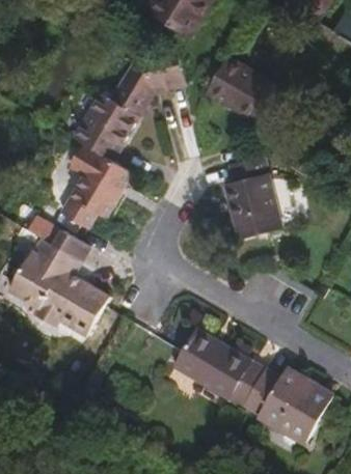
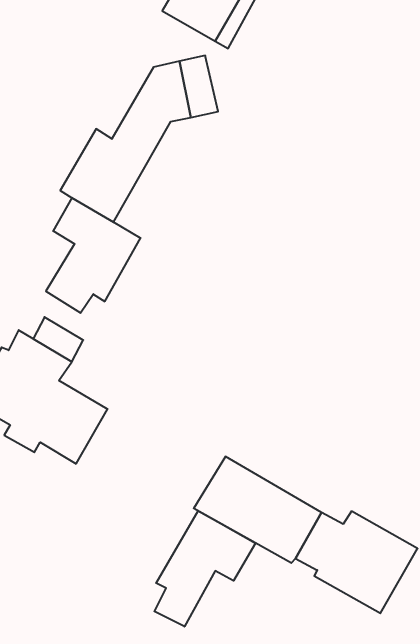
building: [210,54,278,119] -> none
building: [224,156,286,241] -> none
building: none -> [154,511,256,627]

